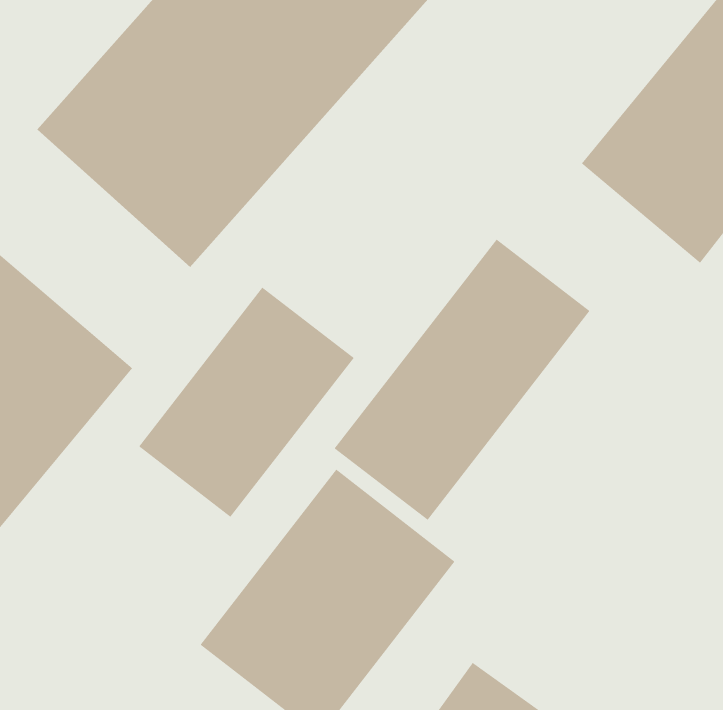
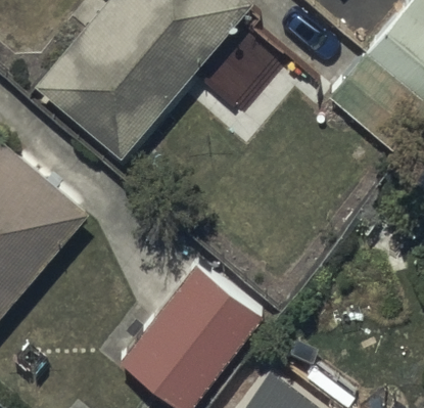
building: [334,239,591,521] -> none
building: [138,287,355,518] -> none

